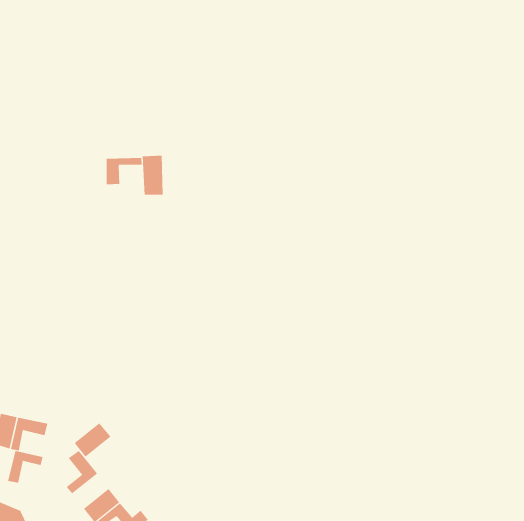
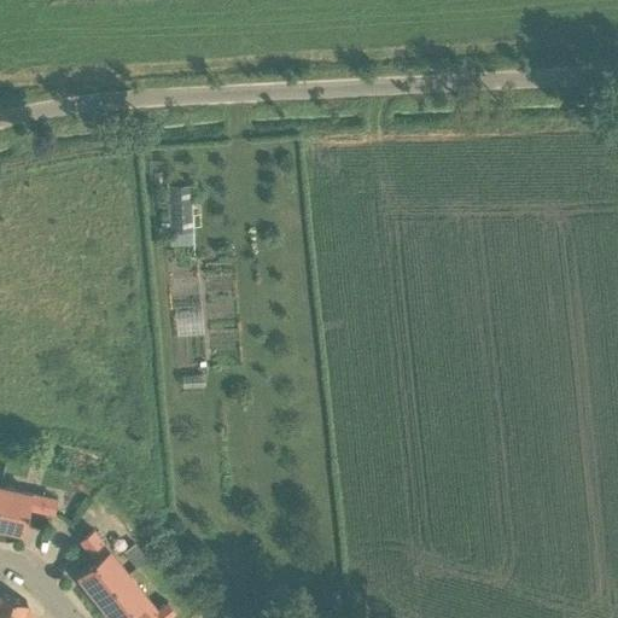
building: [106,157,142,185] -> none
building: [74,423,111,458] -> [84,561,128,602]
building: [7,450,43,484] -> none

